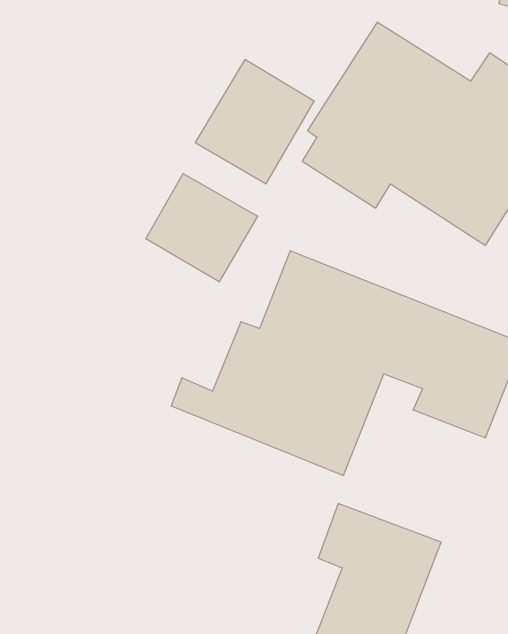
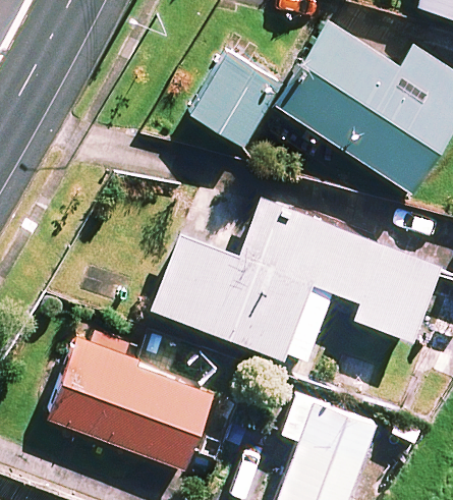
building: [146,174,258,282] -> none
building: none -> [50,327,214,469]

